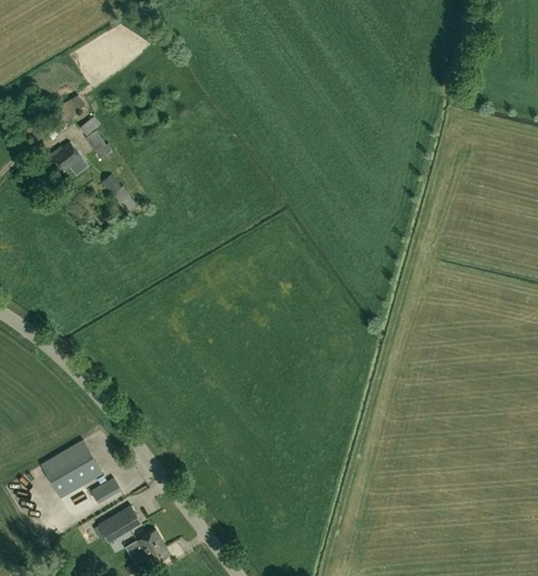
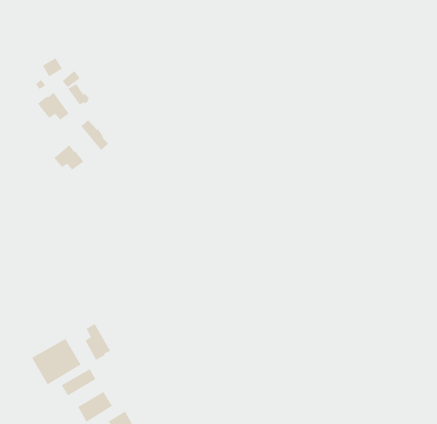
building: none -> [53,144,84,170]
building: none -> [85,323,111,360]

